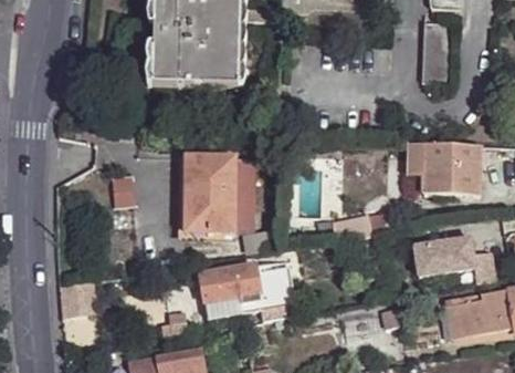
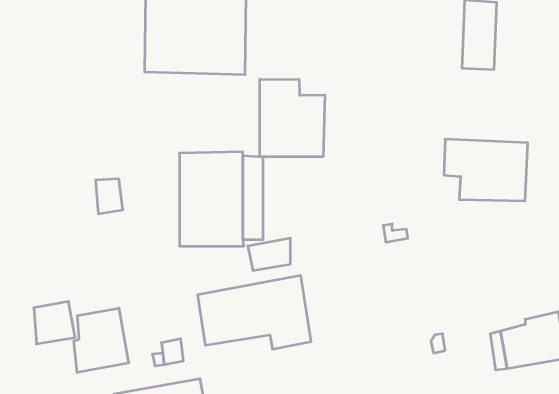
building: none -> [260,79,325,157]
building: [413,237,494,283] -> none
building: none -> [74,308,129,373]

